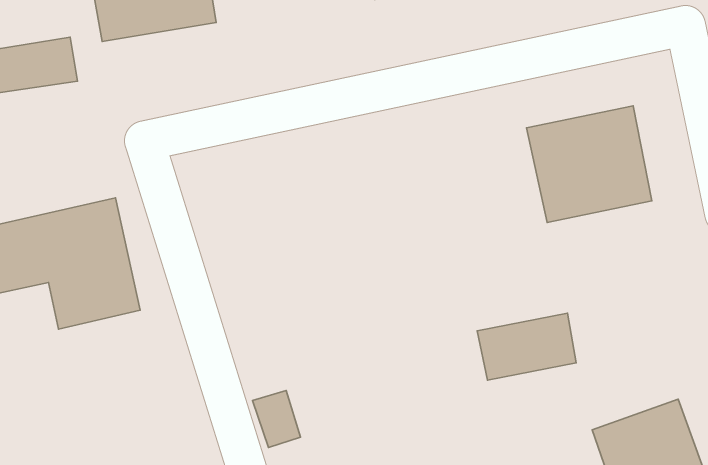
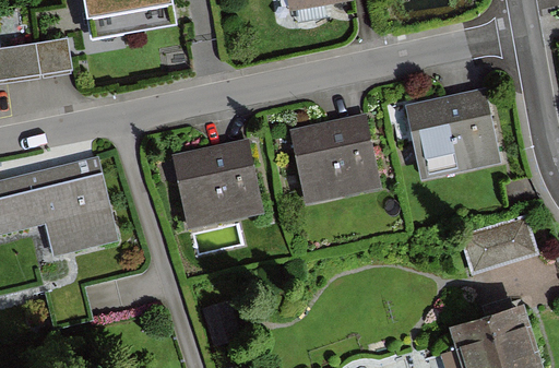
building: none -> [292,114,378,200]
building: none -> [175,138,262,226]
building: [477,313,576,380] -> [460,218,534,269]

